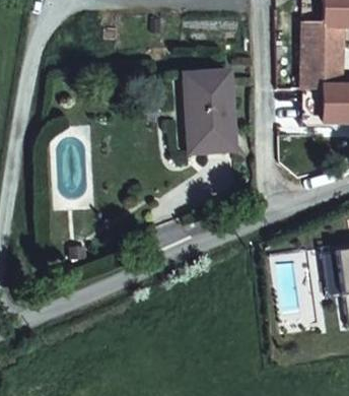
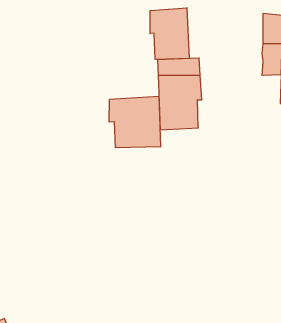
building: none -> [150,8,189,59]
building: none -> [109,96,161,148]

